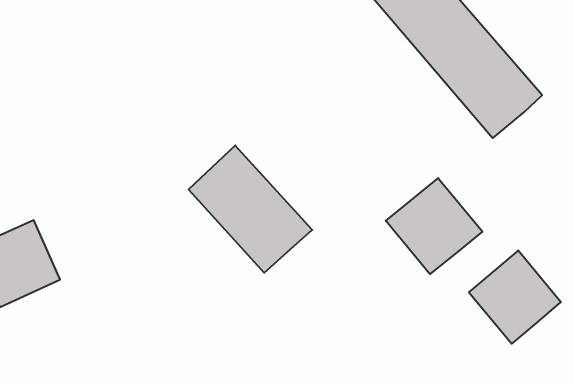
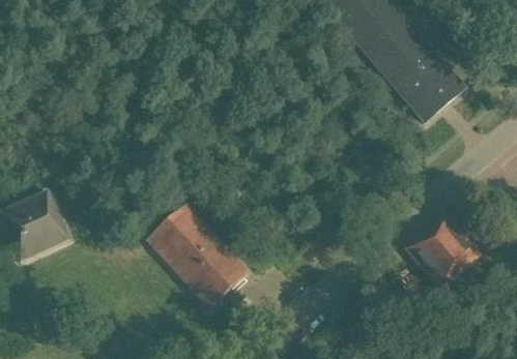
building: [189,145,312,273] -> [148,203,250,307]
building: [386,178,482,274] -> none

